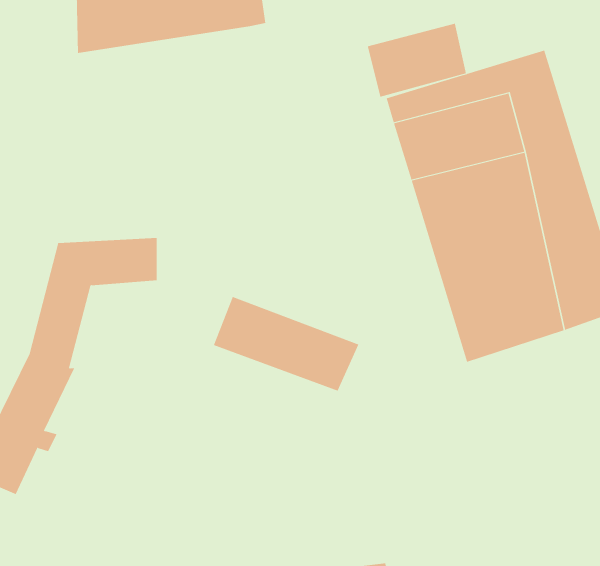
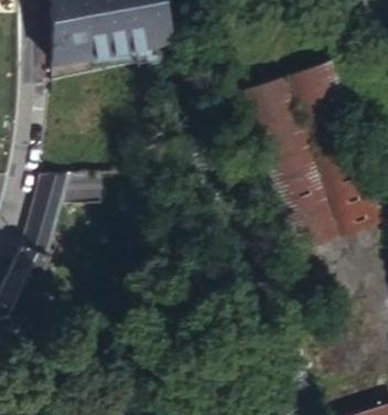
building: [367,23,466,97] -> none
building: [213,296,359,392] -> none

